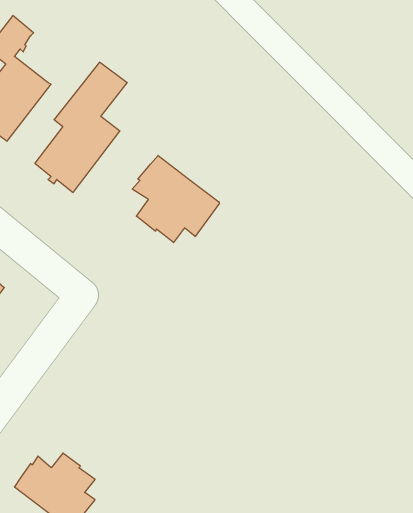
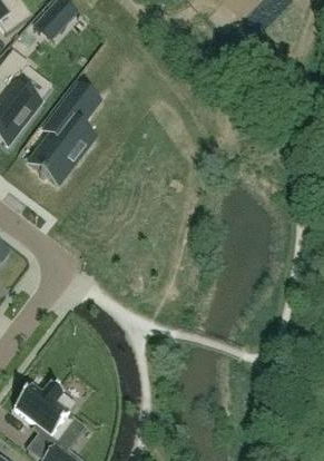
building: [132,155,219,243] -> none

